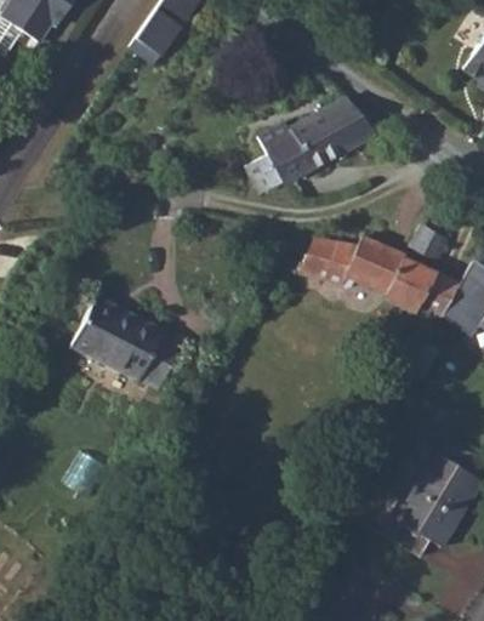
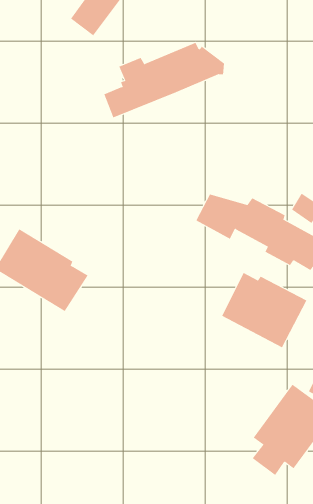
building: [245,97,383,194] -> [103,42,225,118]
building: none -> [221,272,307,348]

